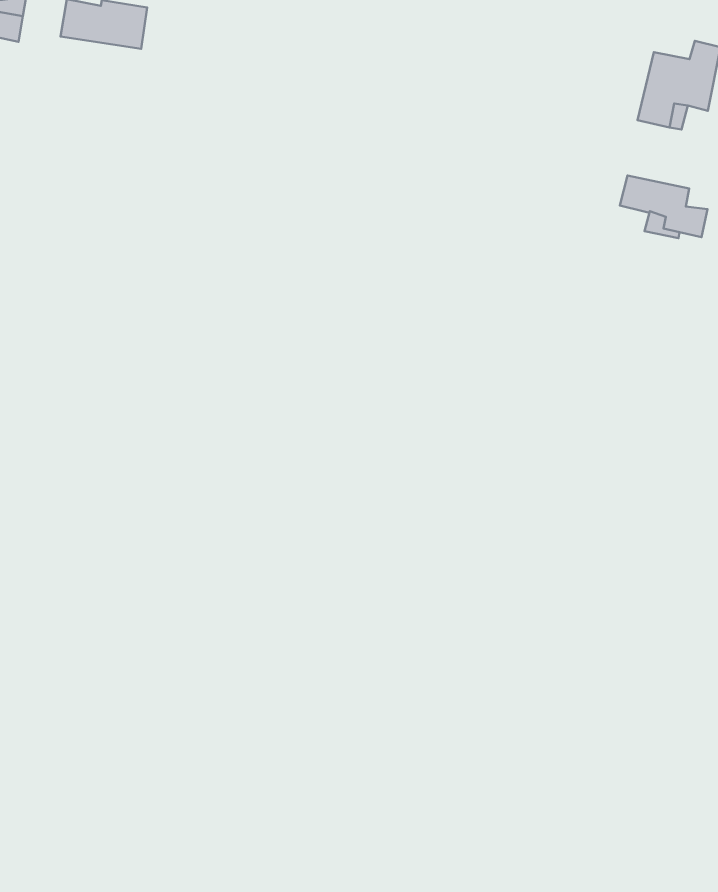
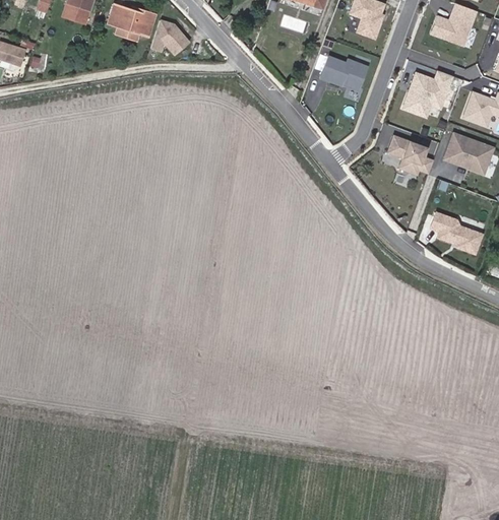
building: none -> [152,22,191,54]
building: none -> [320,56,368,87]

